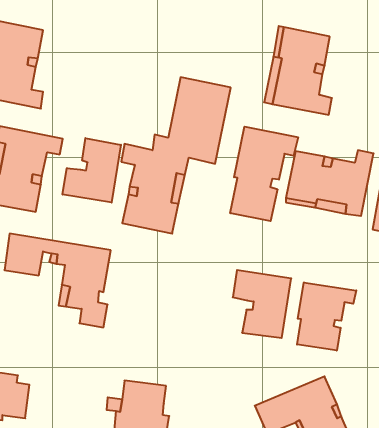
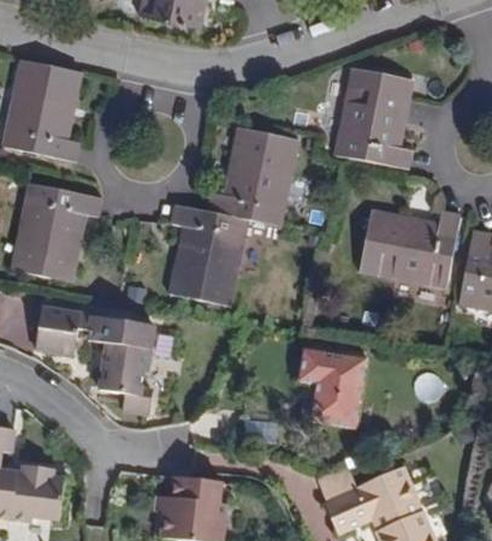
building: [230,127,298,221] -> none
building: [63,138,121,203] -> none
building: [297,282,356,351] -> none

